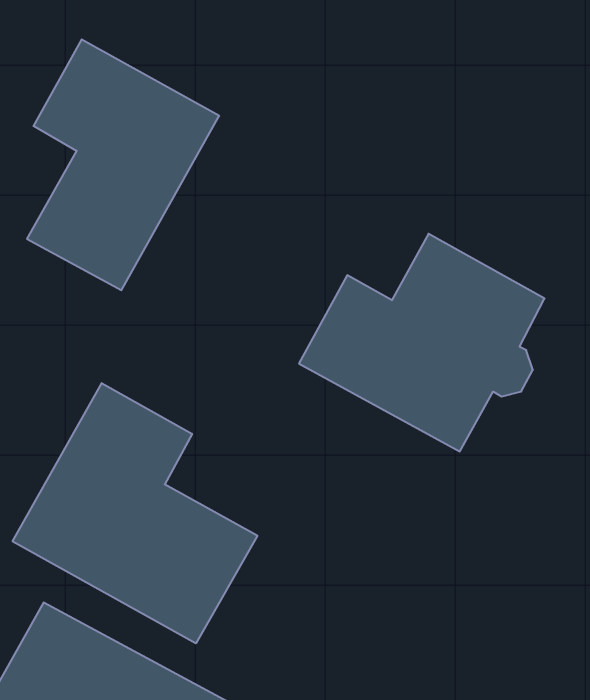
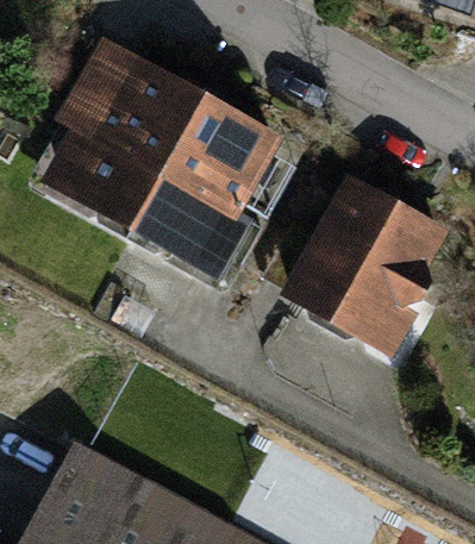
building: none -> [130,100,298,289]
building: [13,383,257,643] -> none

